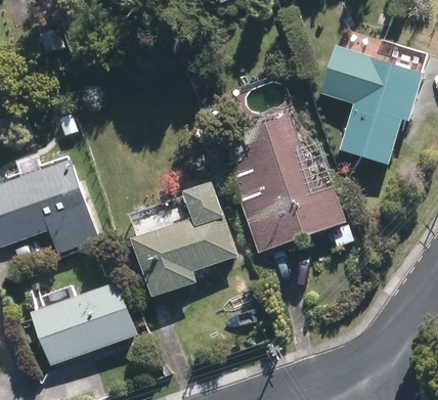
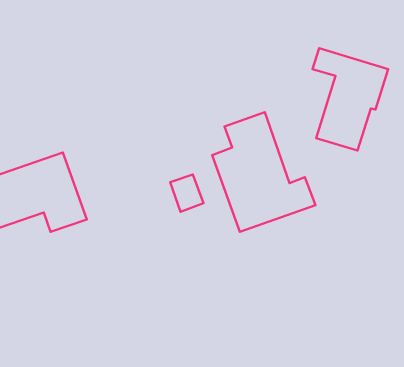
building: [134,222,231,296] -> none
building: [34,293,132,361] -> none

